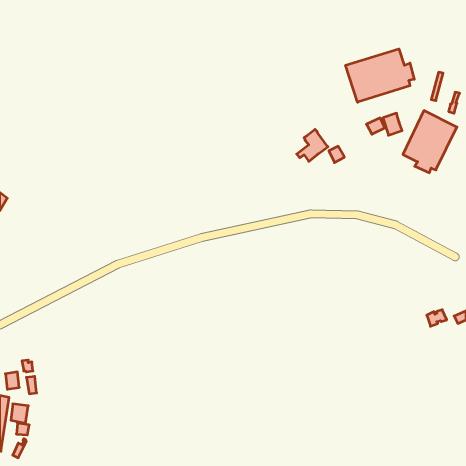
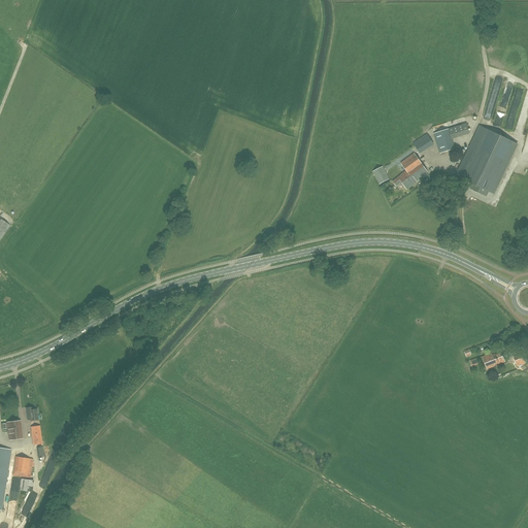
building: [346,49,414,102] -> none
building: [297,129,328,161] -> [392,153,427,189]

